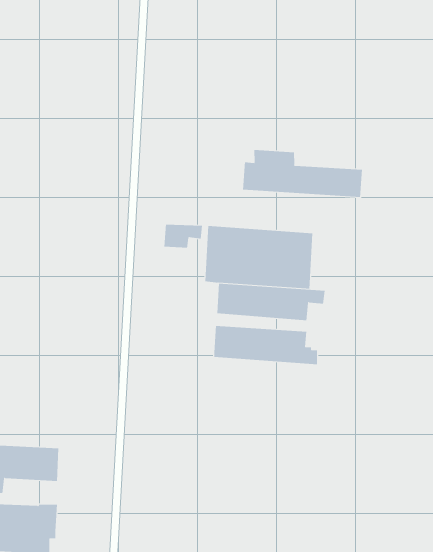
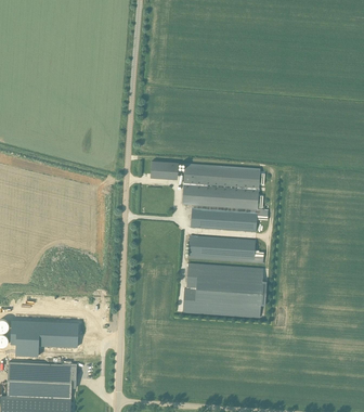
building: [242,149,363,198] -> none
building: none -> [182,263,266,318]

